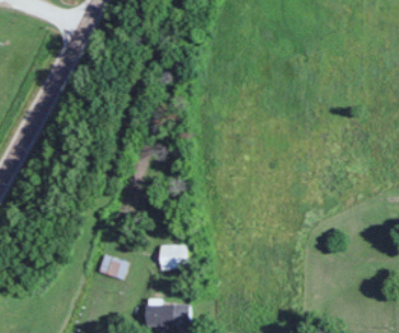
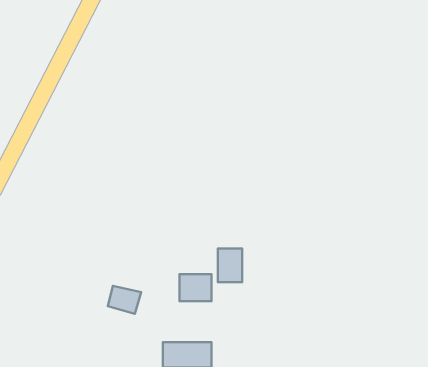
building: none -> [218,249,242,282]

